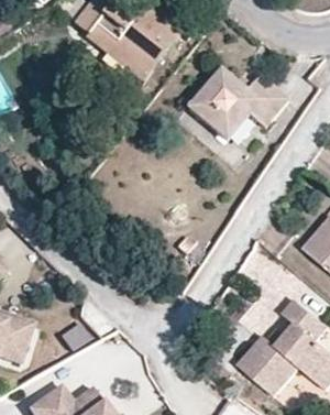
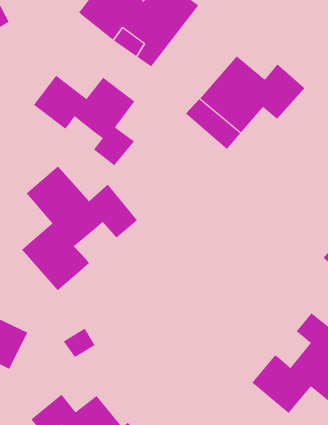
building: none -> [33,75,135,166]
building: none -> [21,165,138,291]

